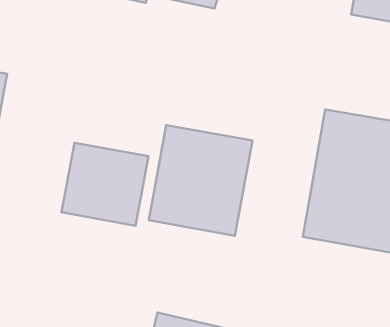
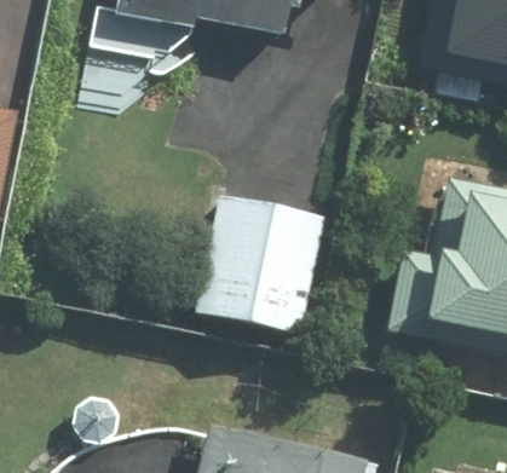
building: [61,143,148,226] -> none

